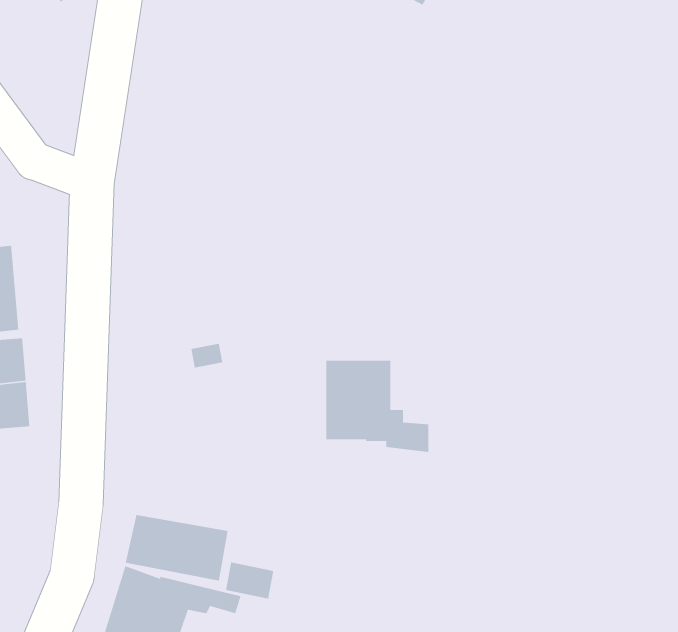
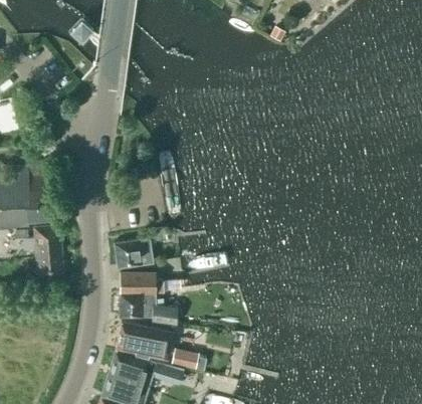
building: [325,360,429,453] -> [119,272,176,324]
building: none -> [113,238,152,267]

